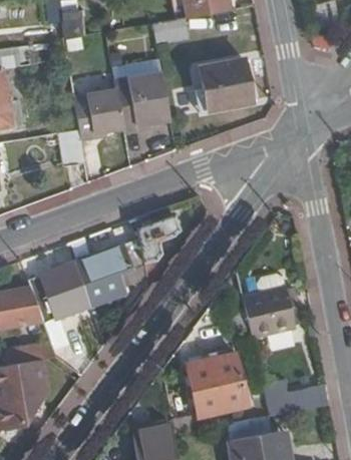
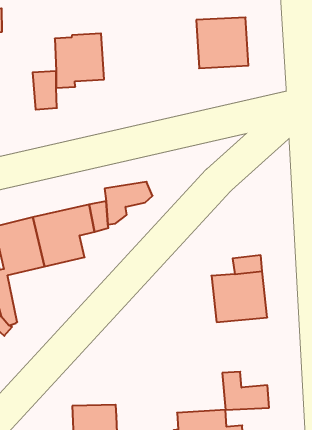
building: [113,74,170,135] -> none
building: [189,353,249,414] -> none

